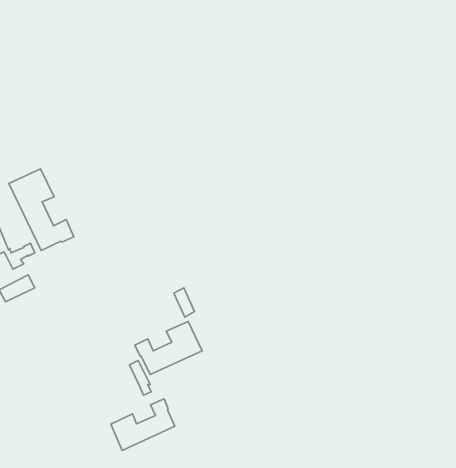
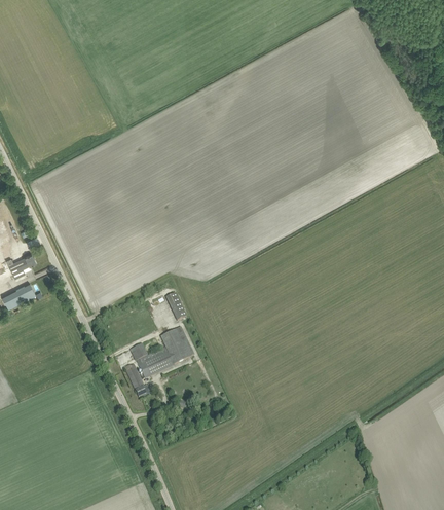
building: [9,169,74,250] -> none
building: [111,399,175,451] -> none

